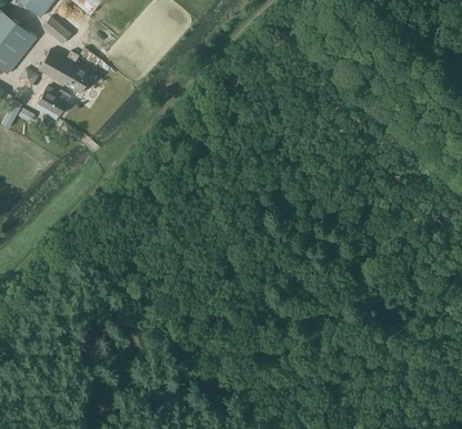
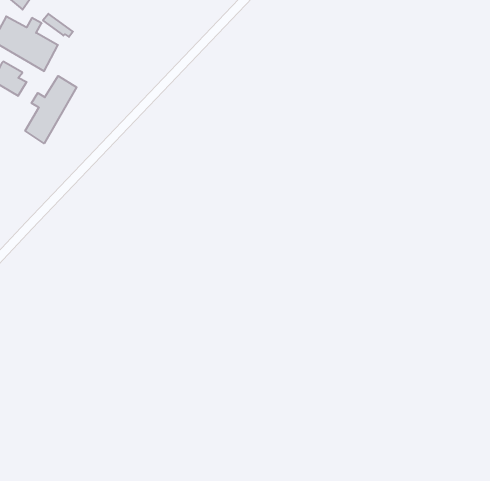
building: none -> [25,76,77,143]

